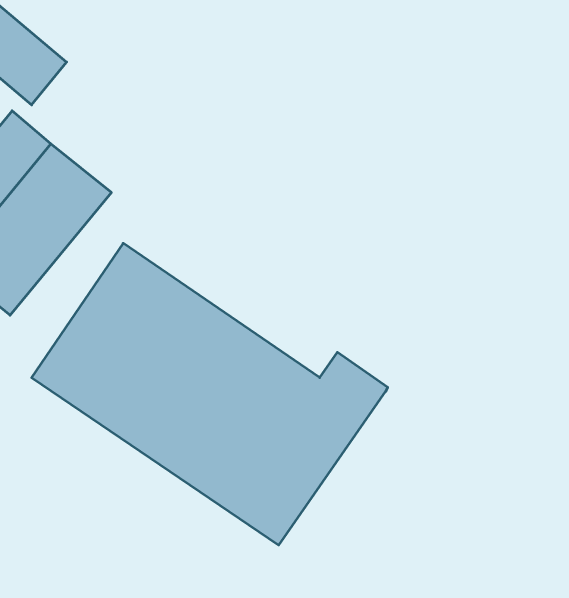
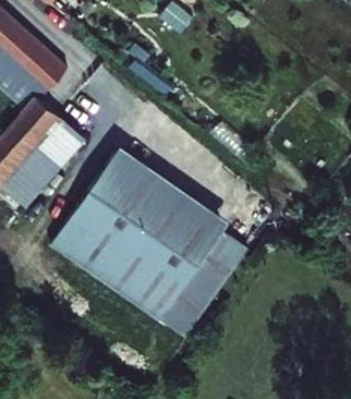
building: none -> [99,147,225,245]

